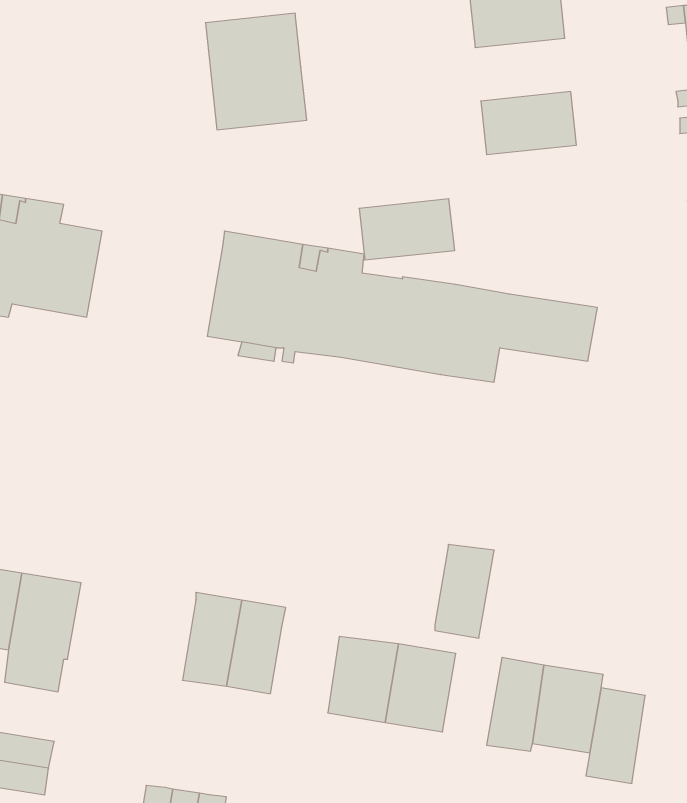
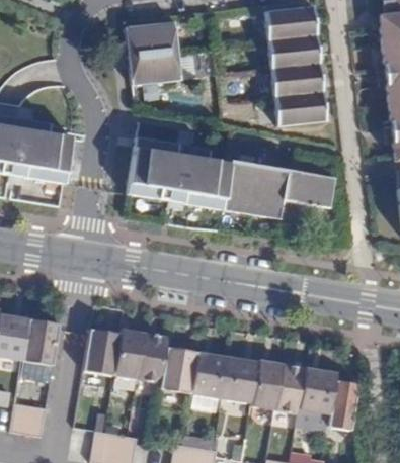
building: none -> [268,35,319,69]
building: [359,199,455,260] -> [274,92,325,124]
building: [435,544,494,638] -> [251,360,283,409]
building: none -> [83,329,121,375]
building: none -> [159,347,196,392]

